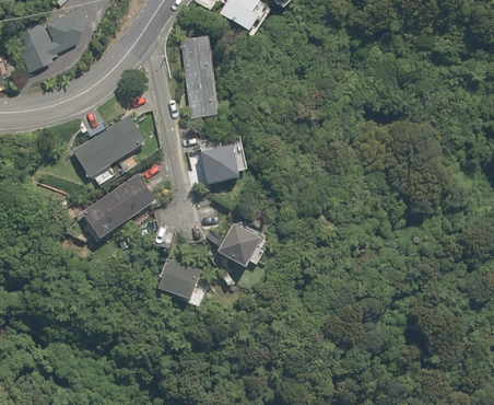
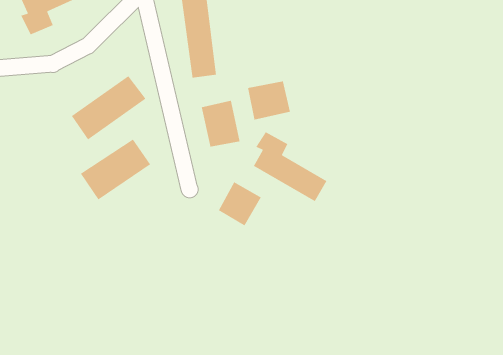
building: none -> [247,81,291,120]
building: none -> [253,131,328,202]
building: [153,256,200,294] -> none

